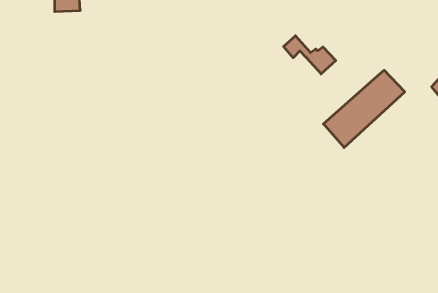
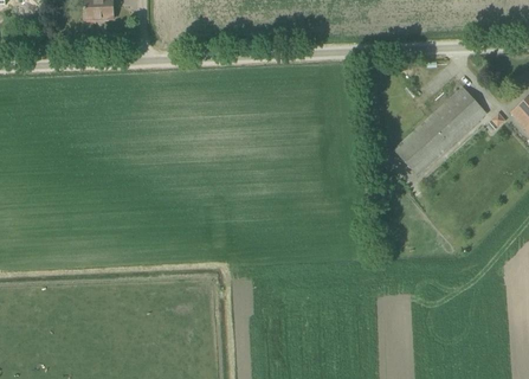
building: [284,36,336,74] -> none

